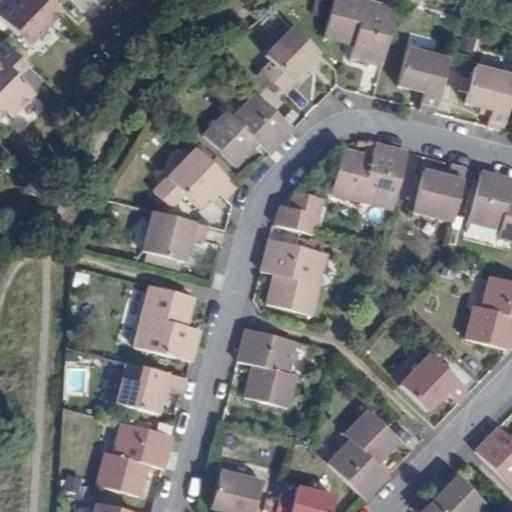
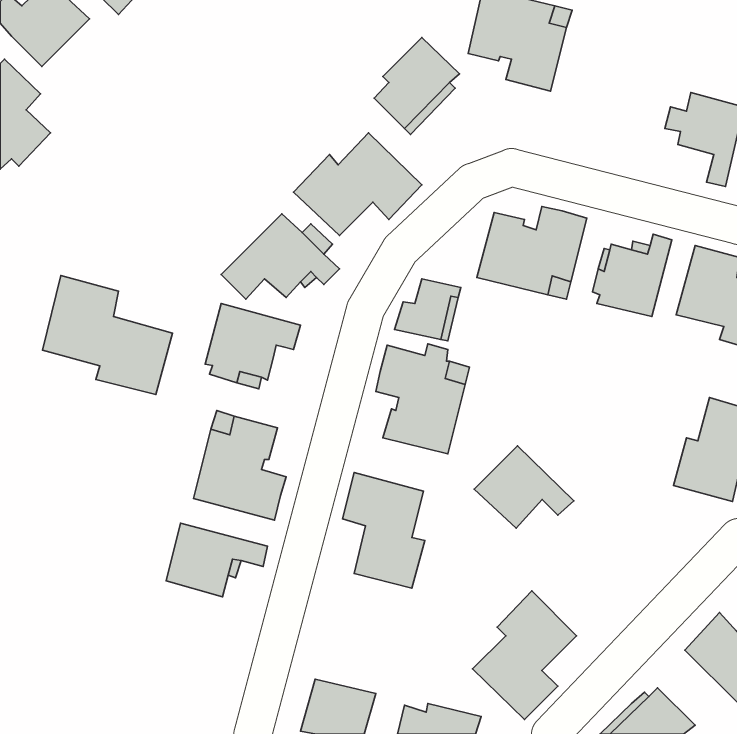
building: [400,47,449,111] -> none
building: none -> [42,275,173,395]
building: [401,353,470,410] -> [474,446,574,528]
building: [98,422,172,495] -> none

